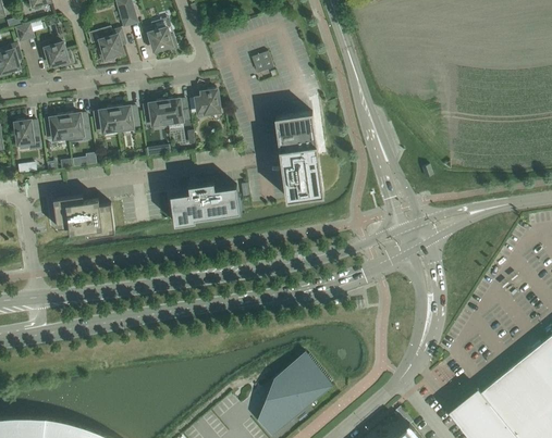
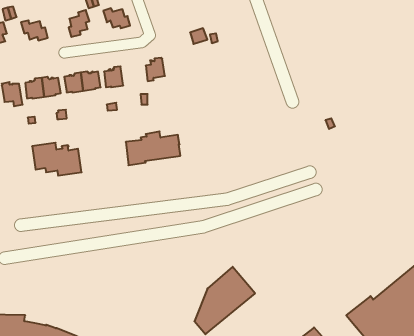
building: [164,98,188,123] -> none
building: [275,112,323,198] -> none

